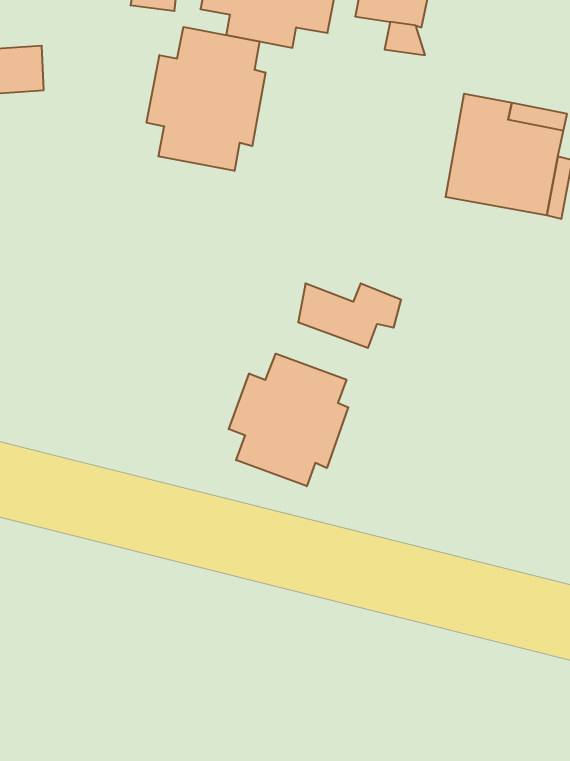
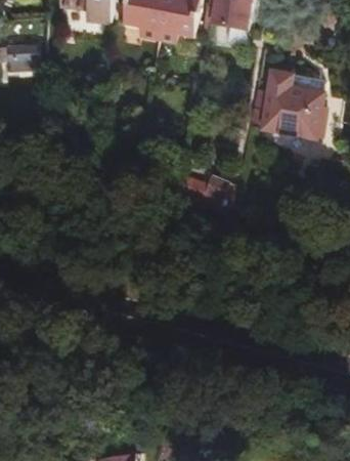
building: [147,27,265,171] -> none
building: [229,354,348,486] -> none

